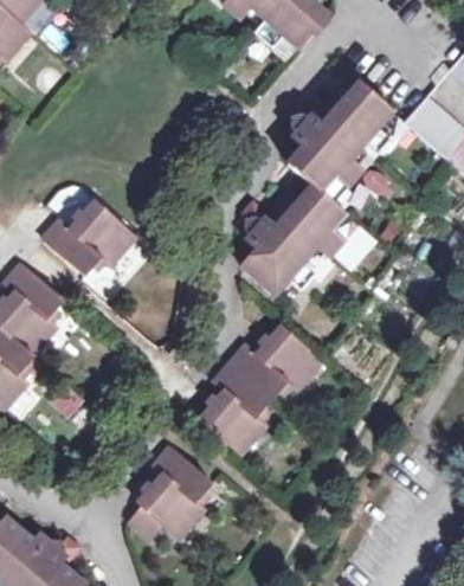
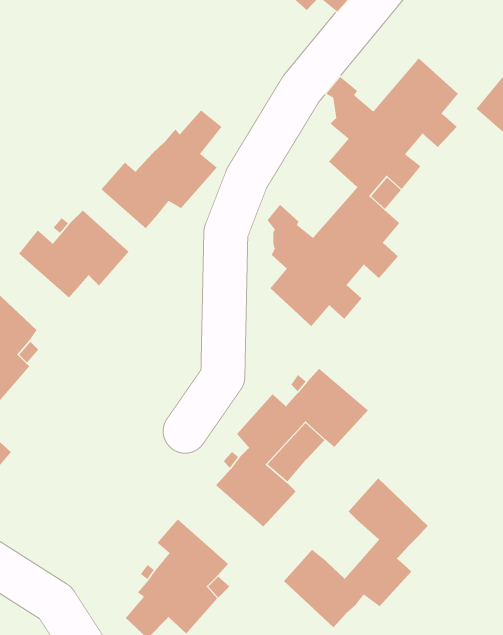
building: none -> [100,110,222,229]
building: none -> [283,477,428,628]

